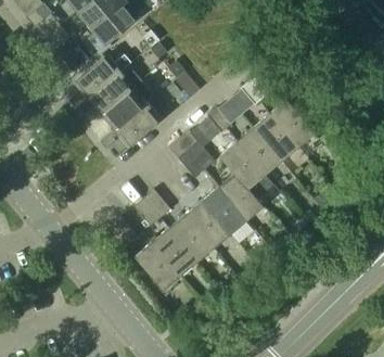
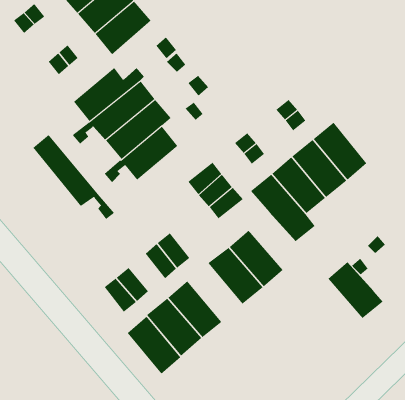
building: none -> [33,134,115,220]
building: [218,174,264,220] -> [327,262,383,319]
building: [168,215,213,263] -> [127,316,181,374]

